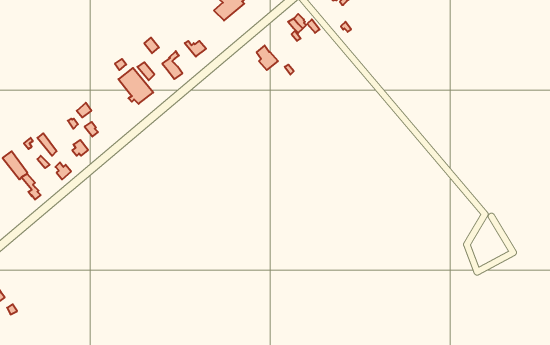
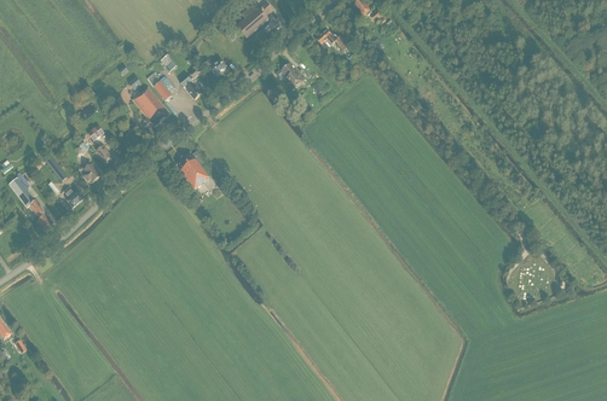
building: none -> [177,150,209,187]

